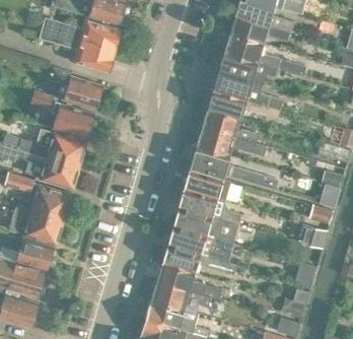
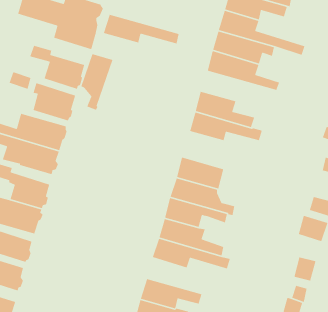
building: none -> [80,53,114,111]
building: [208,90,279,119] -> [103,14,179,44]
building: [192,146,256,183] -> none
building: [158,263,221,298] -> none

